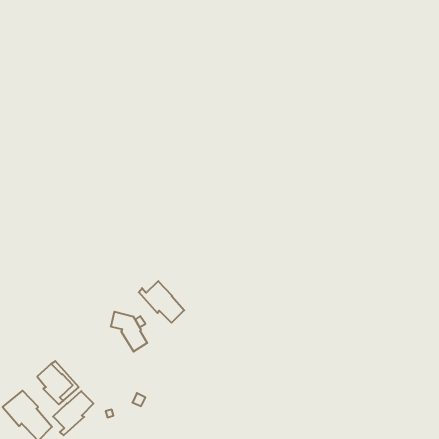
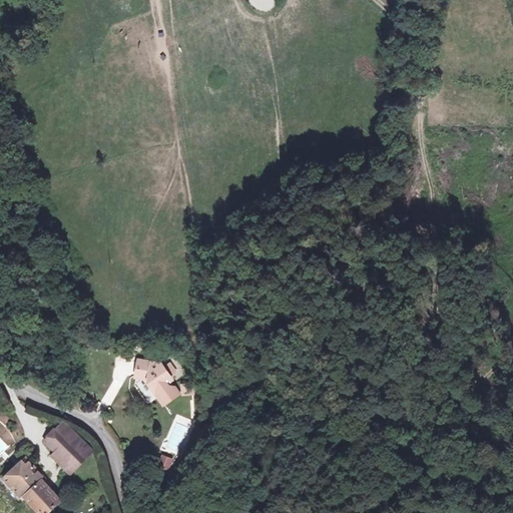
building: [139,281,184,323] -> none
building: [53,391,93,435] -> none

